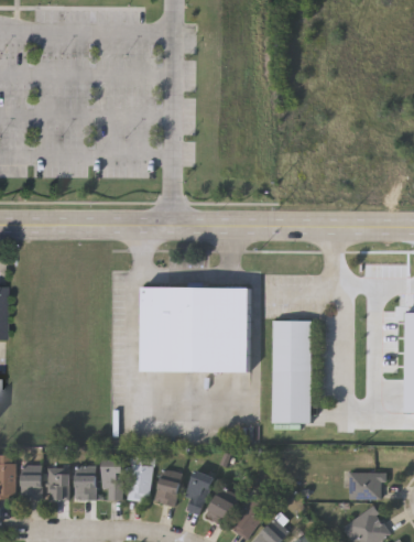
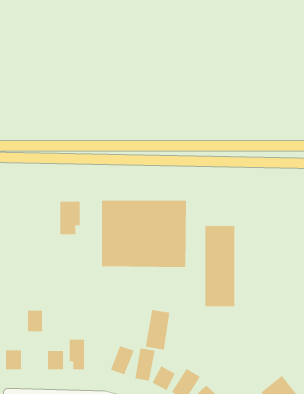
building: none -> [60,201,80,235]
building: none -> [145,309,170,351]
building: [127,463,151,500] -> none
building: [48,473,68,500] -> [27,310,43,332]
building: [348,473,381,499] -> none

